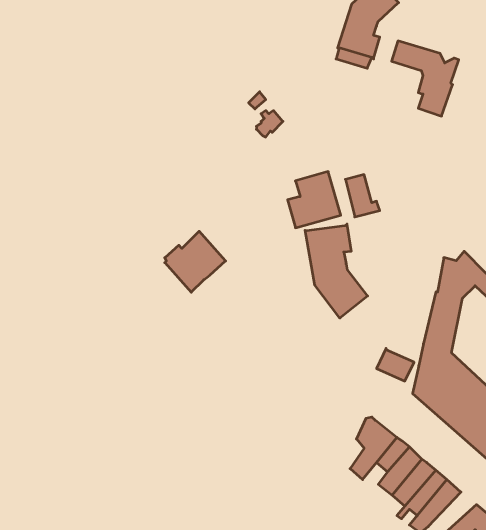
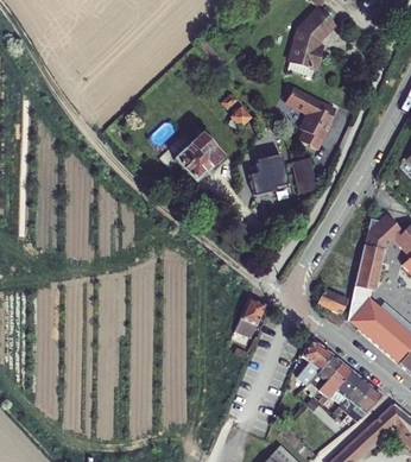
building: [392,41,459,116] -> [287,89,339,146]
building: [305,224,368,318] -> none
building: [165,231,226,292] -> [173,131,220,177]
building: none -> [230,295,265,336]

